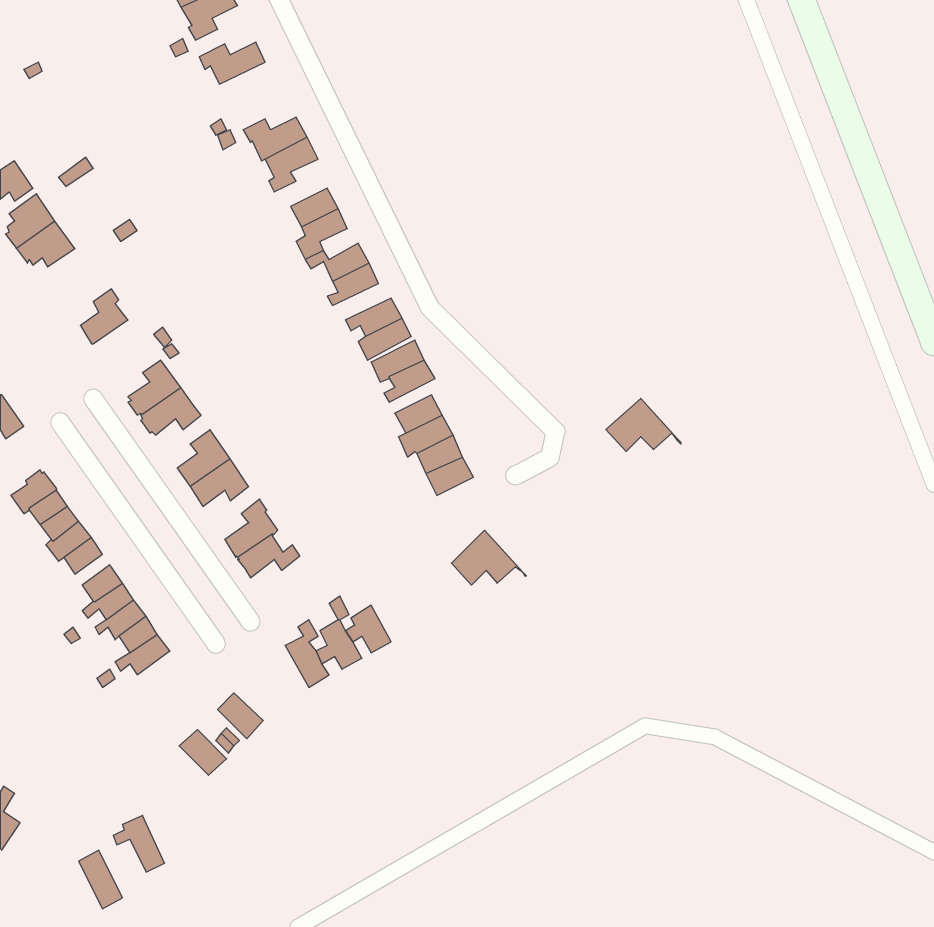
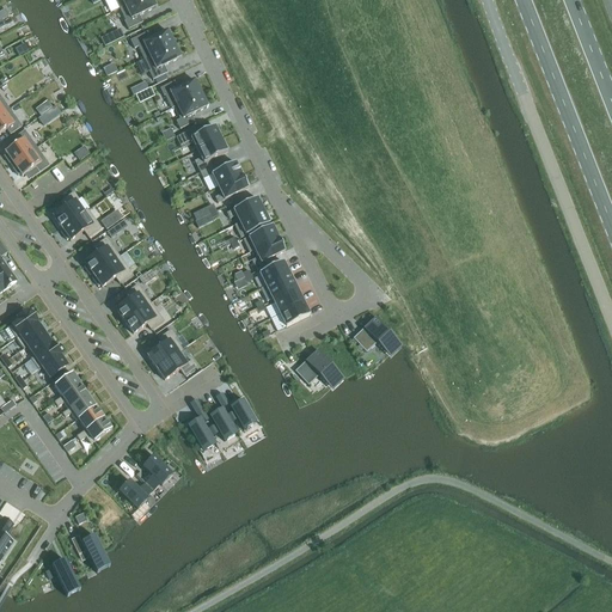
building: none -> [143,41,180,76]
building: none -> [60,207,100,238]
building: [606,398,681,451] -> [353,314,402,349]

